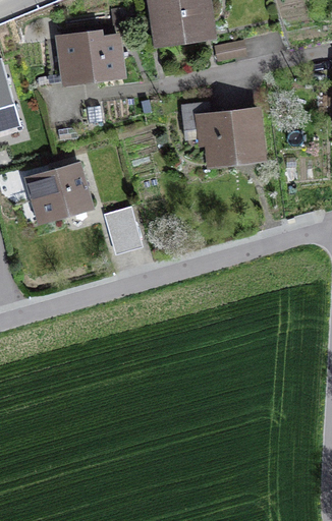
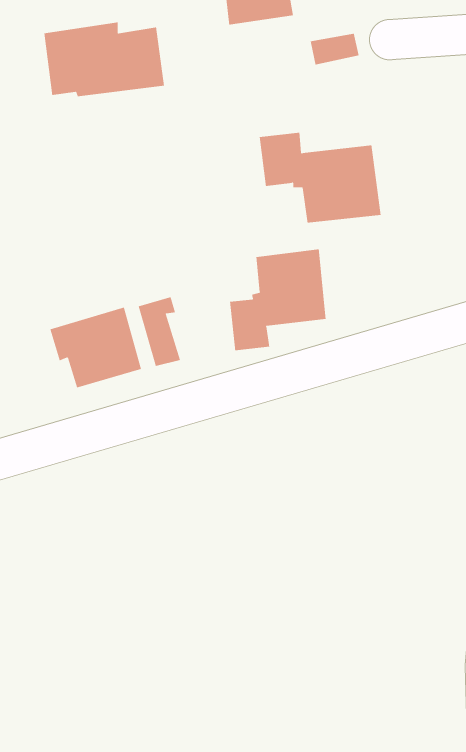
building: [30,166,89,218] -> [49,307,142,388]
building: none -> [230,249,326,351]

